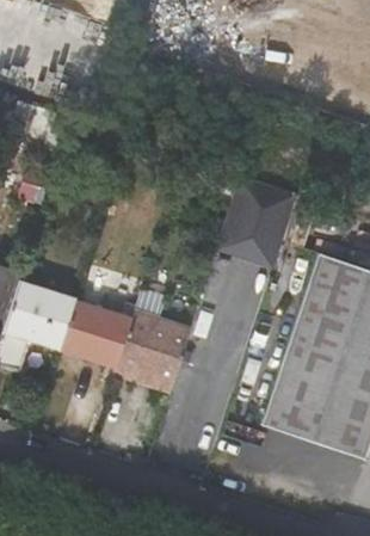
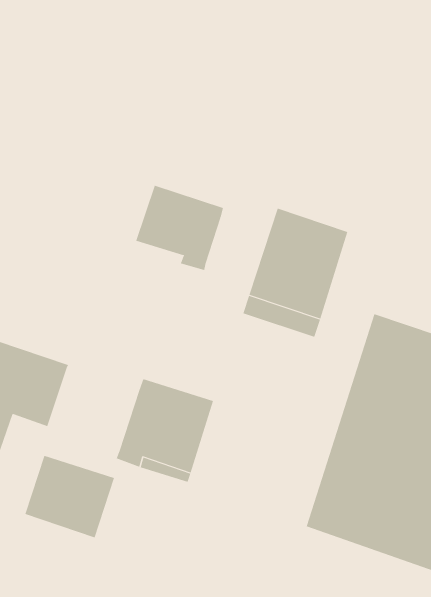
building: none -> [136,185,224,271]
building: [58,300,130,365] -> [24,455,115,538]

